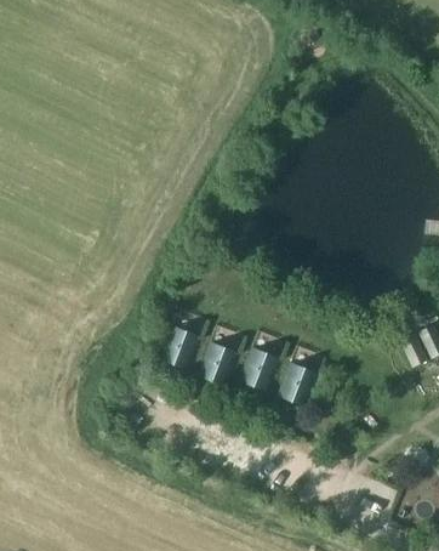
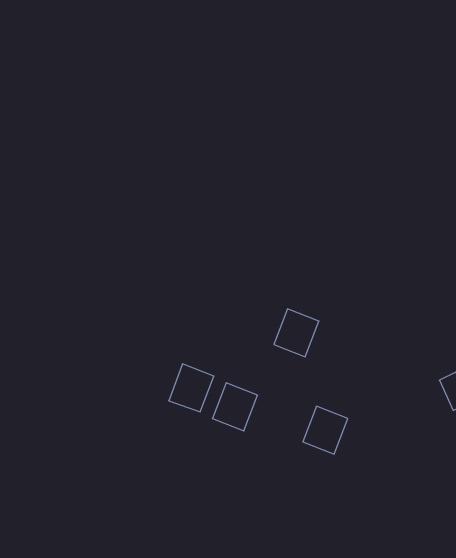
building: [239,348,279,391] -> [274,309,319,357]

